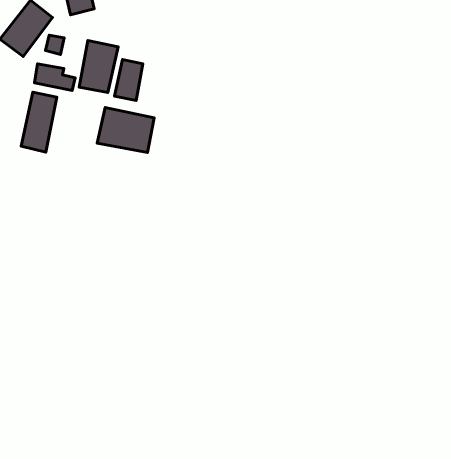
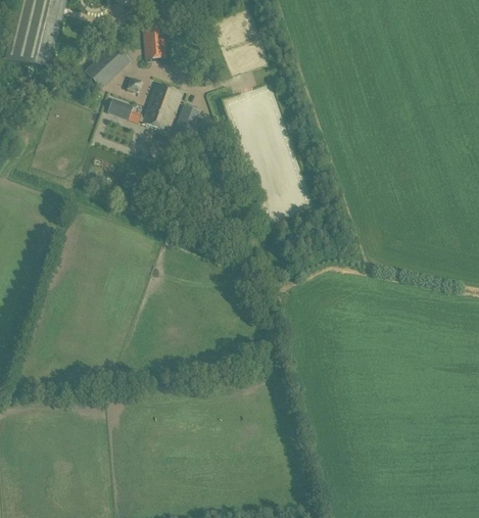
building: [21,92,57,152] -> none
building: [97,108,154,152] -> none

